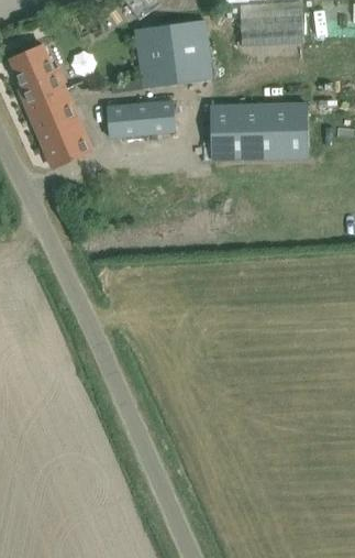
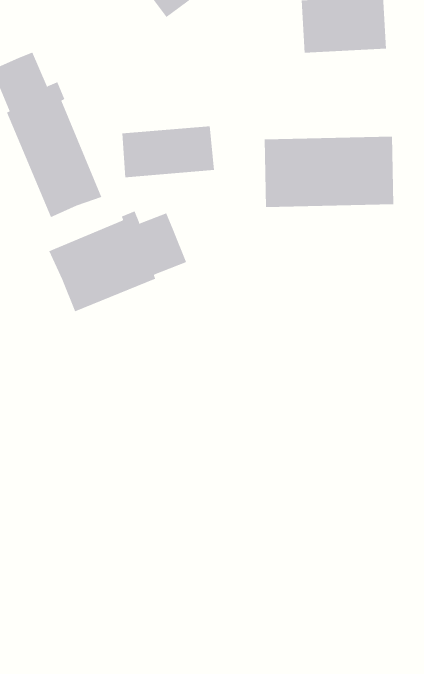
building: [132,19,210,86] -> none
building: none -> [48,210,187,312]

